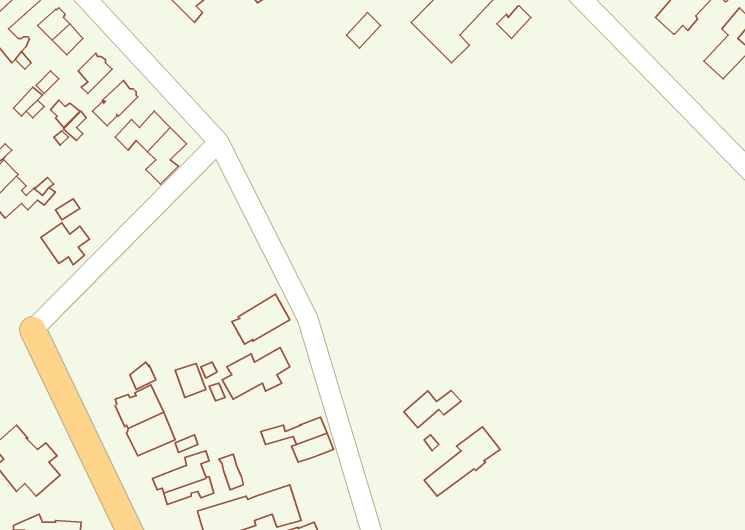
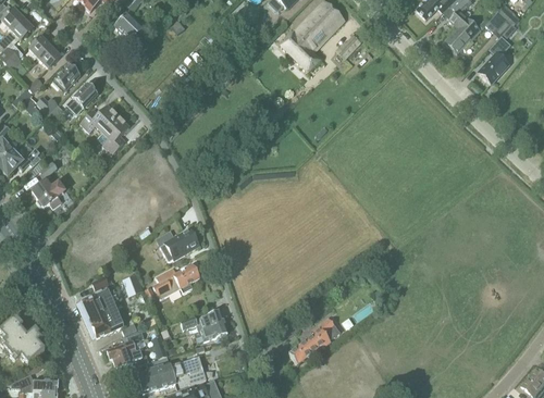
building: [404,390,461,428] -> none

